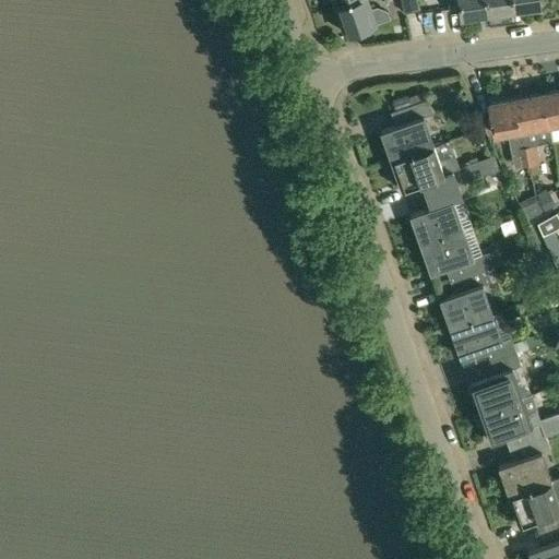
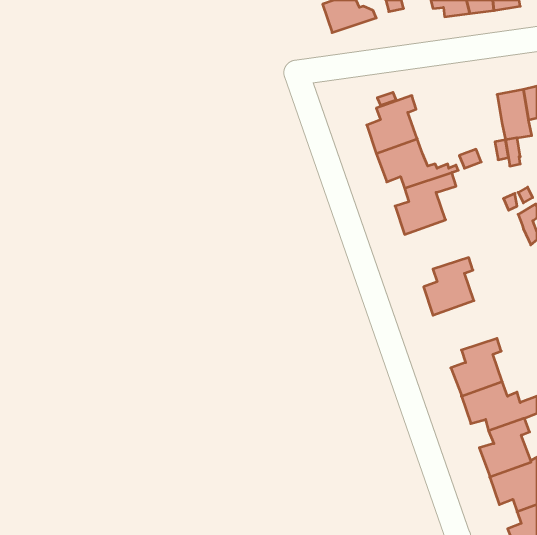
building: [489,100,522,136] -> none
building: [420,230,501,282] -> none
building: [450,314,530,366] -> none

